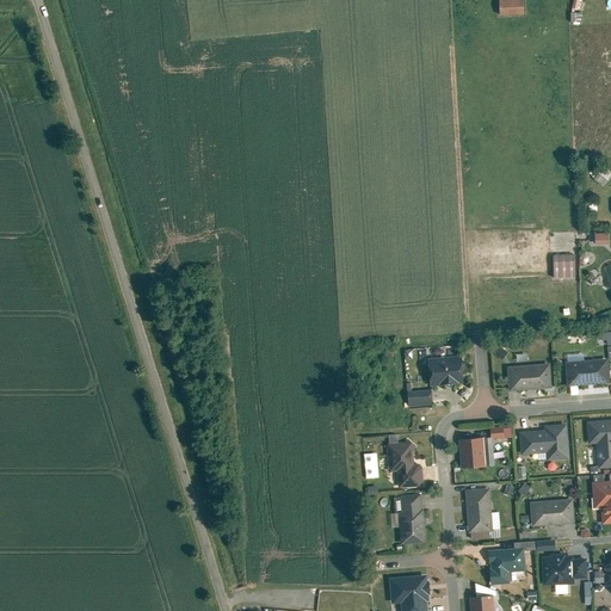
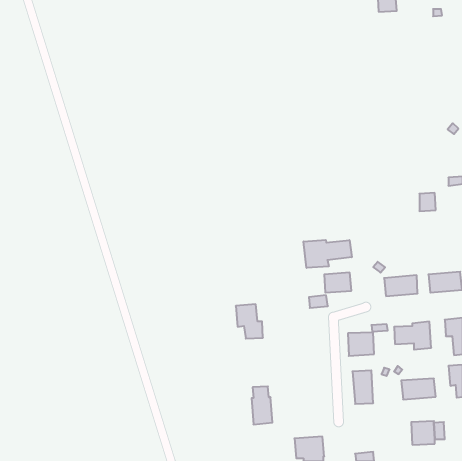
building: none -> [304,240,352,268]
building: [387,442,422,487] -> [236,304,263,339]
building: [399,494,426,544] -> [252,386,272,424]
building: [488,541,535,585] -> none

